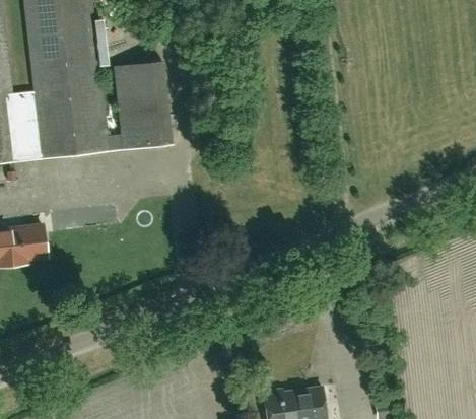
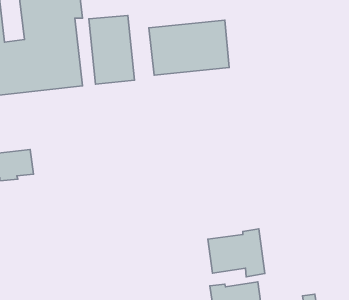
building: none -> [149,20,229,75]
building: none -> [208,229,265,277]

